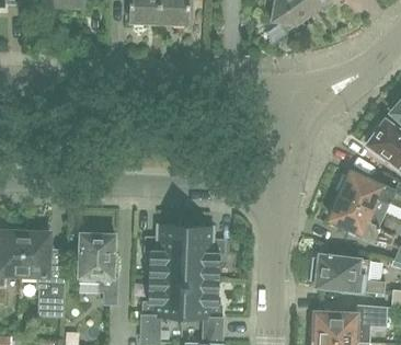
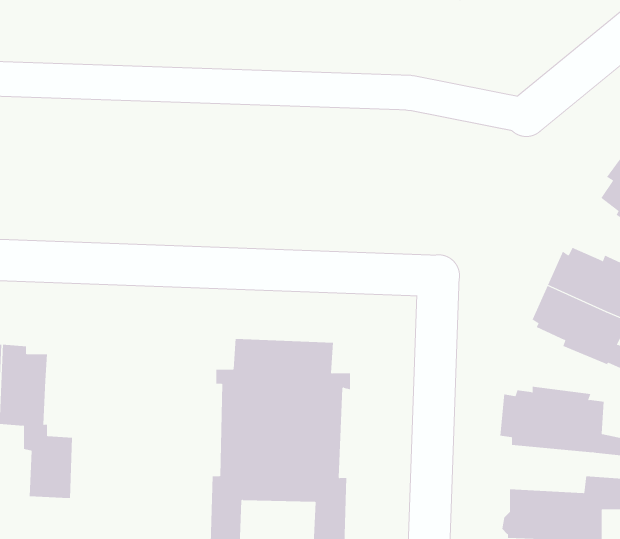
building: [78,230,118,306] -> none

